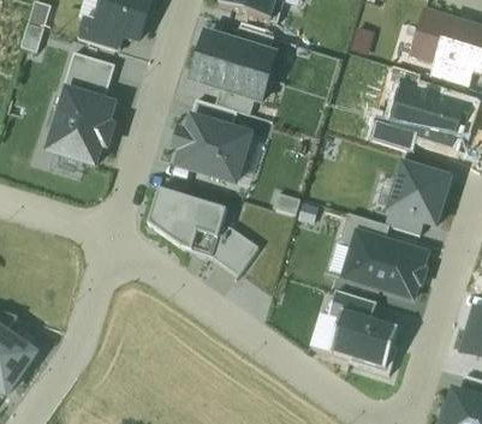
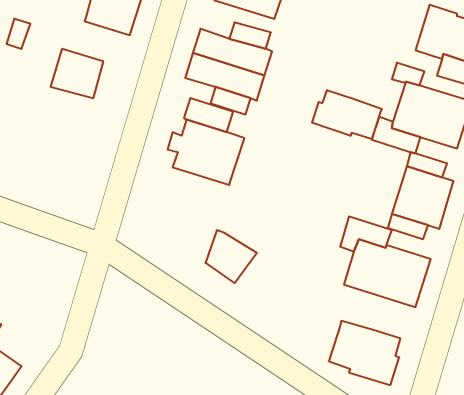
building: [78,18,123,49] -> none
building: [47,89,115,167] -> none
building: none -> [312,90,382,139]
building: [148,189,226,256] -> none
building: [327,288,376,320] -> none

